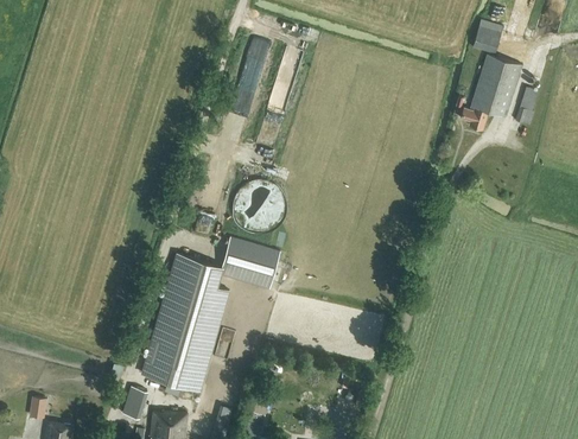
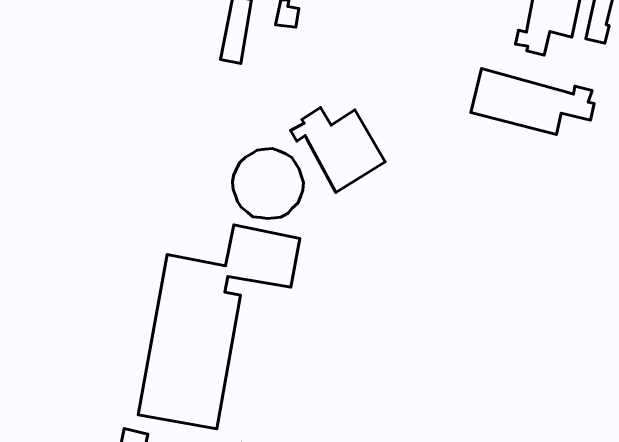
building: none -> [471,69,594,134]
building: none -> [290,108,385,193]

